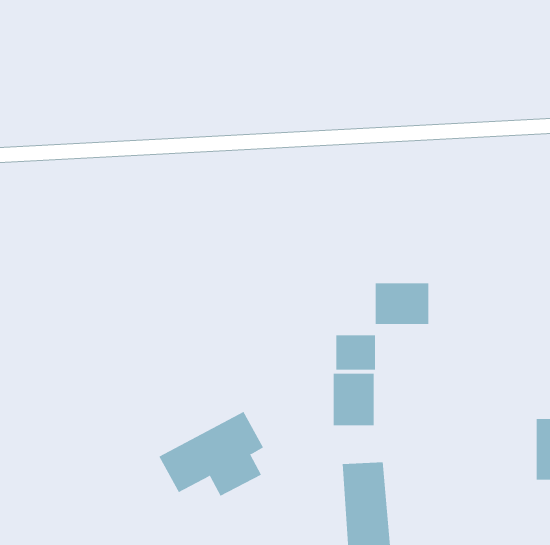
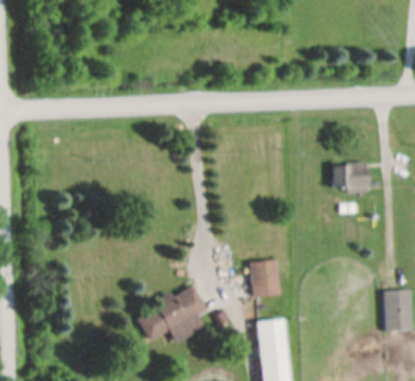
building: [375,283,429,324] -> [334,164,370,192]
building: [336,334,376,371] -> none

